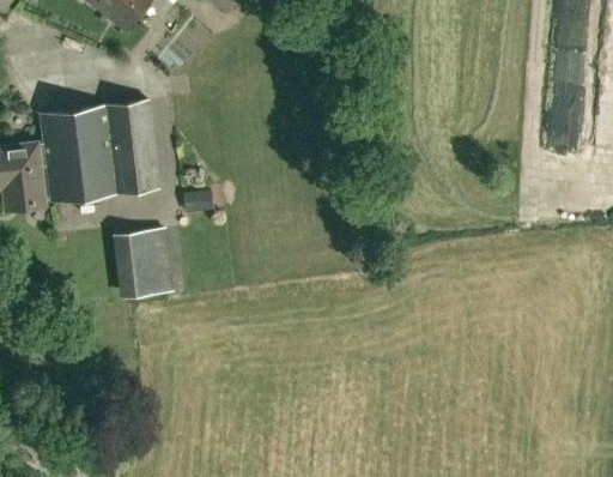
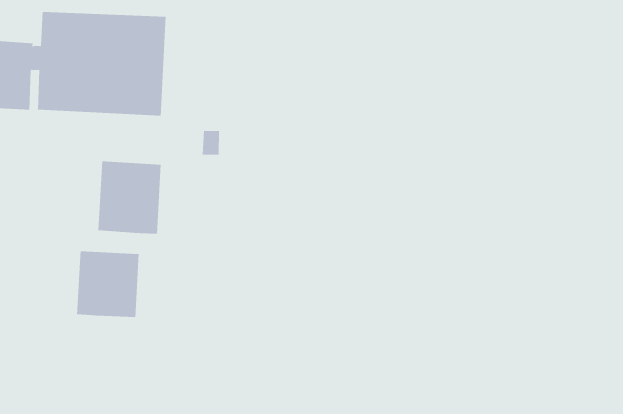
building: none -> [77,250,139,318]

